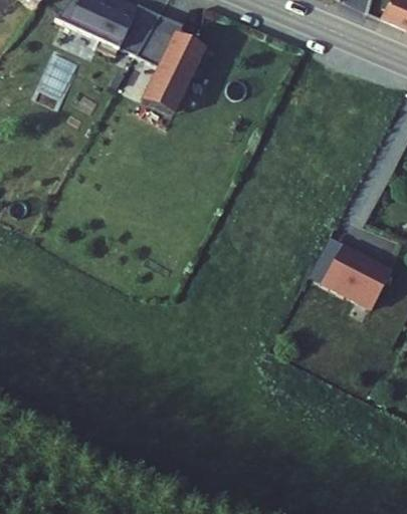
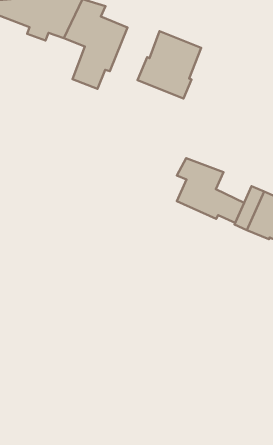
building: none -> [137,31,201,99]
building: none -> [177,158,244,223]

